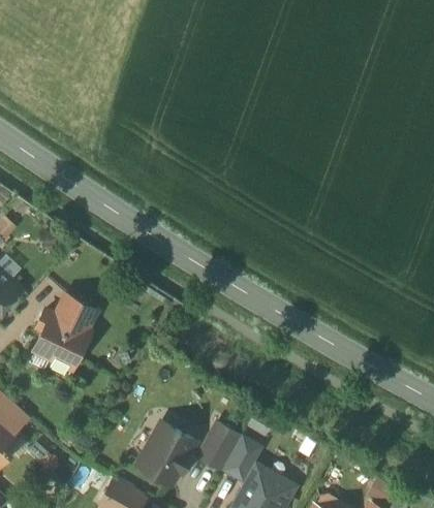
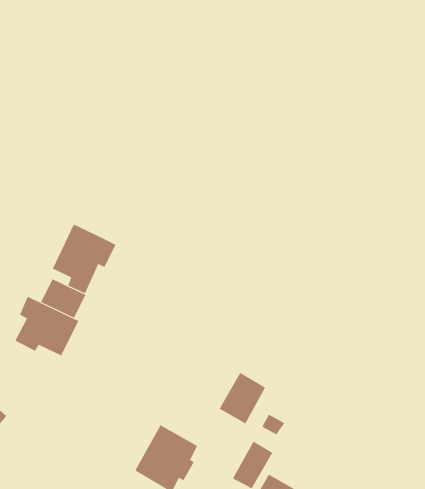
building: none -> [52,224,116,294]
building: [198,423,240,469] -> [219,372,266,424]

